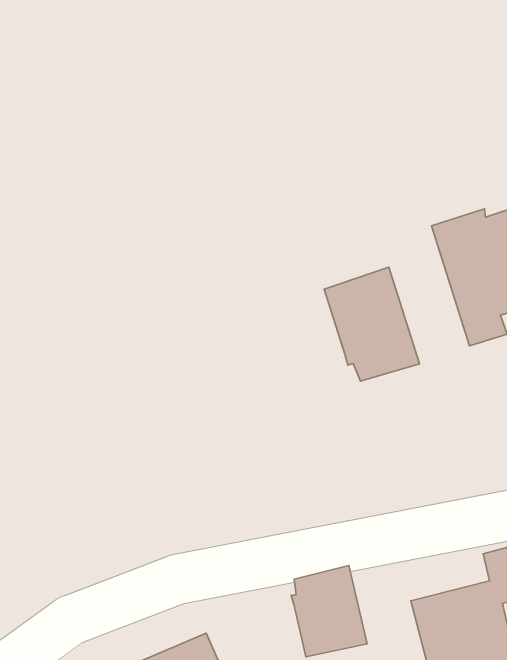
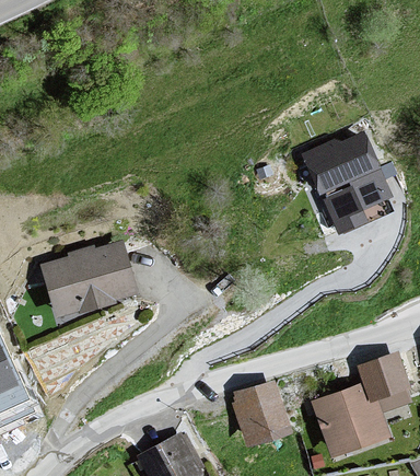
building: [324,267,420,381] -> none
building: none -> [43,243,136,315]

